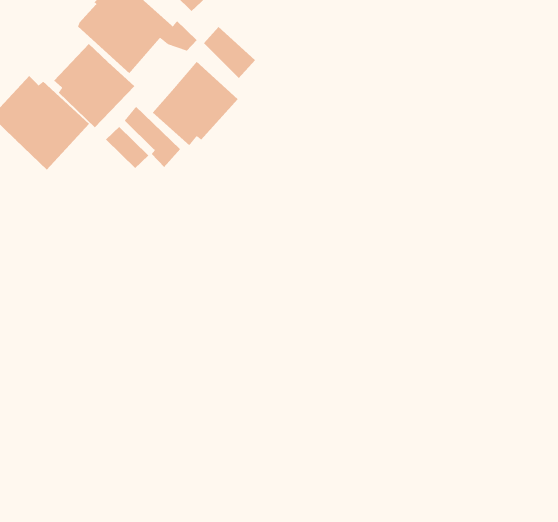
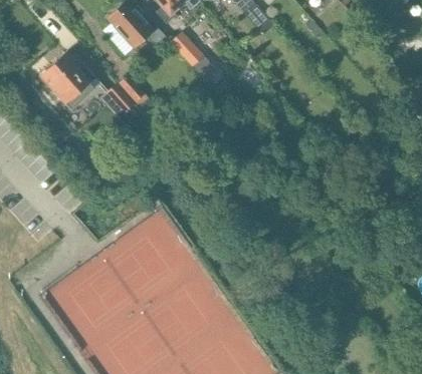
building: [53,43,135,128] -> none
building: [152,61,239,146] -> none

